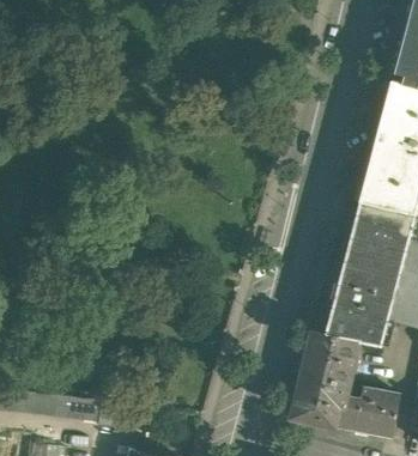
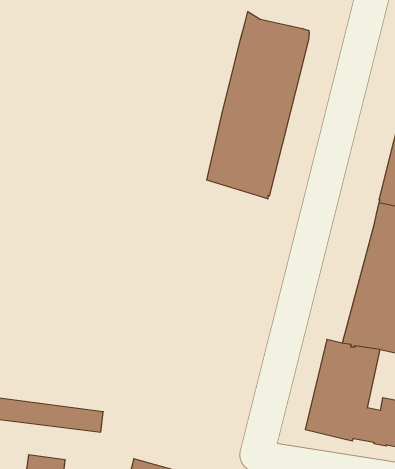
building: none -> [207,12,309,199]

